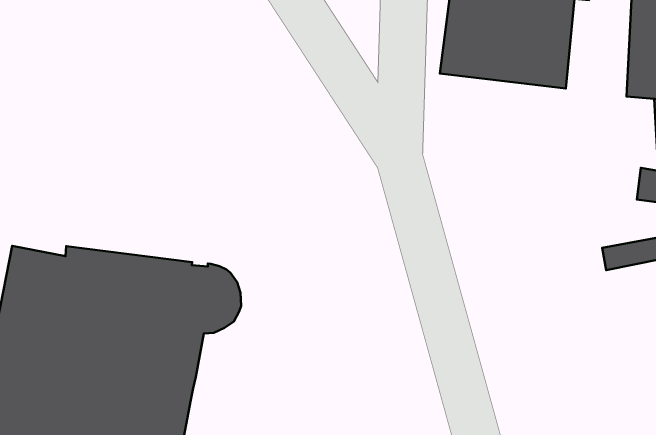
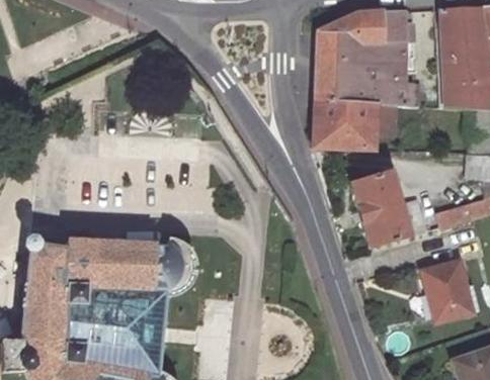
building: none -> [315,101,378,151]
building: none -> [351,171,432,248]
building: none -> [416,261,466,320]

